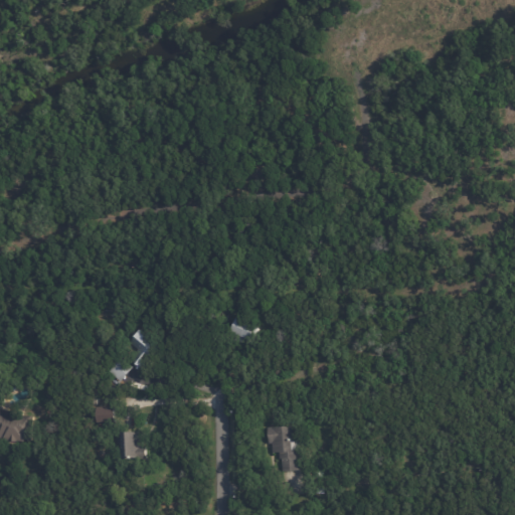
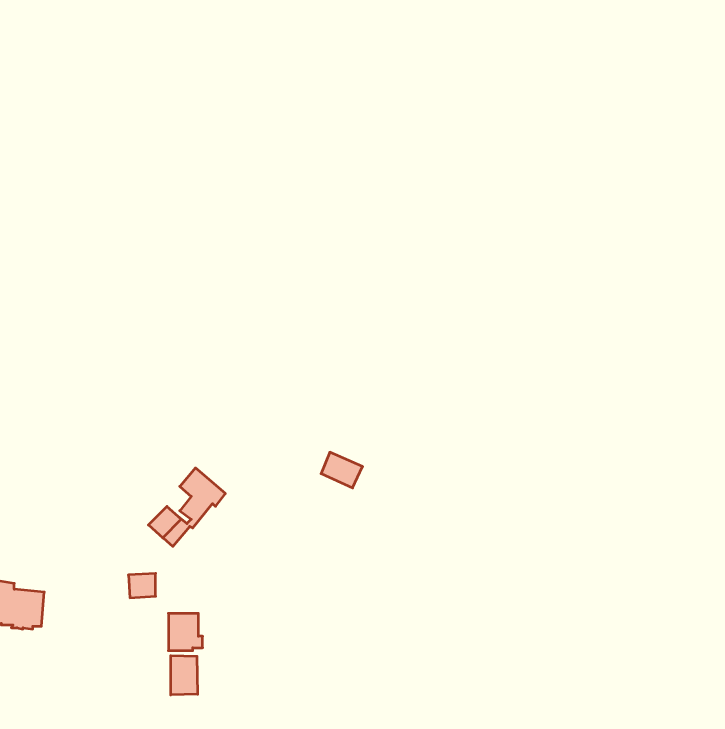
building: [266,424,298,471] -> none
building: none -> [171,656,198,695]

